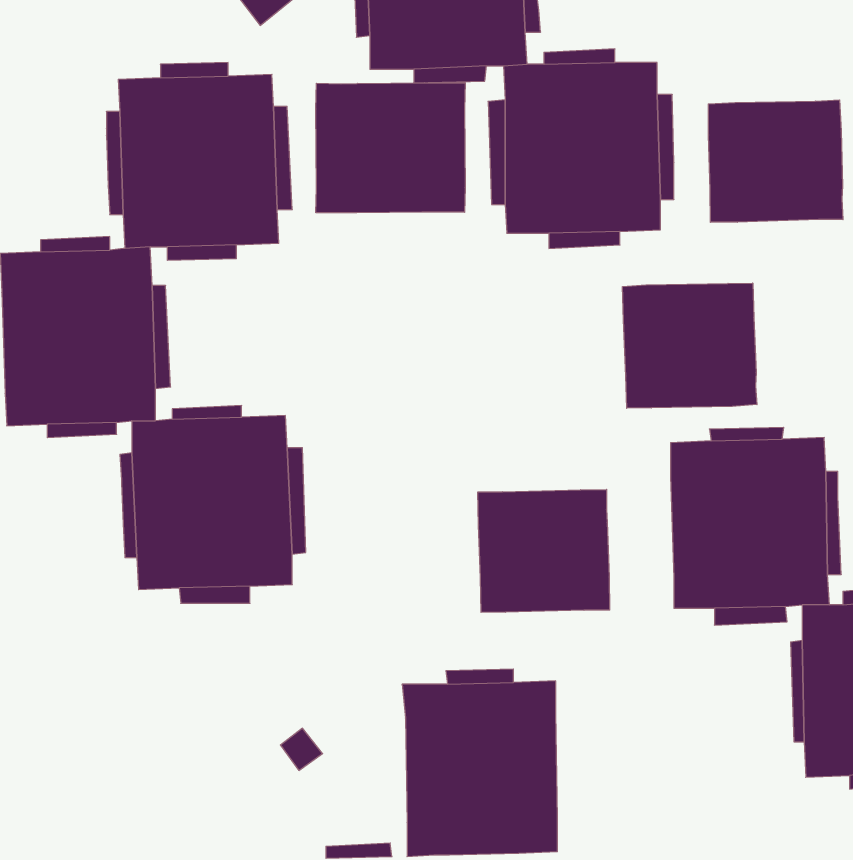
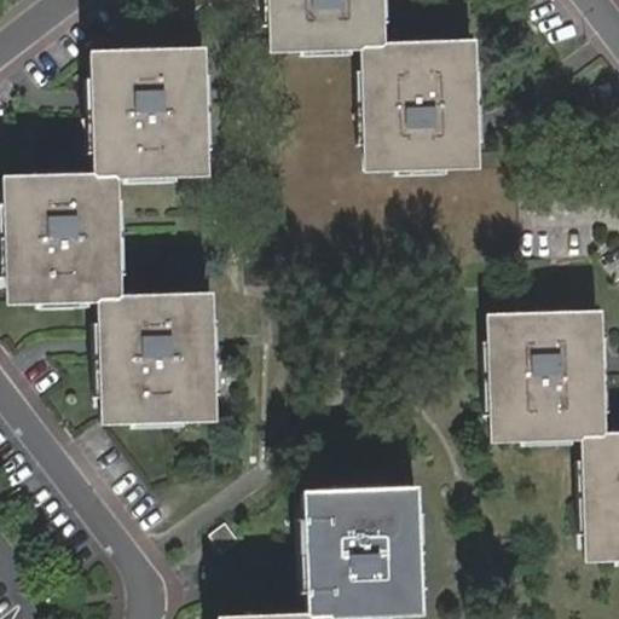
building: [316,83,465,213] -> none
building: [708,100,843,222] -> none
building: [623,283,757,408] -> none
building: [478,489,610,612] -> none

